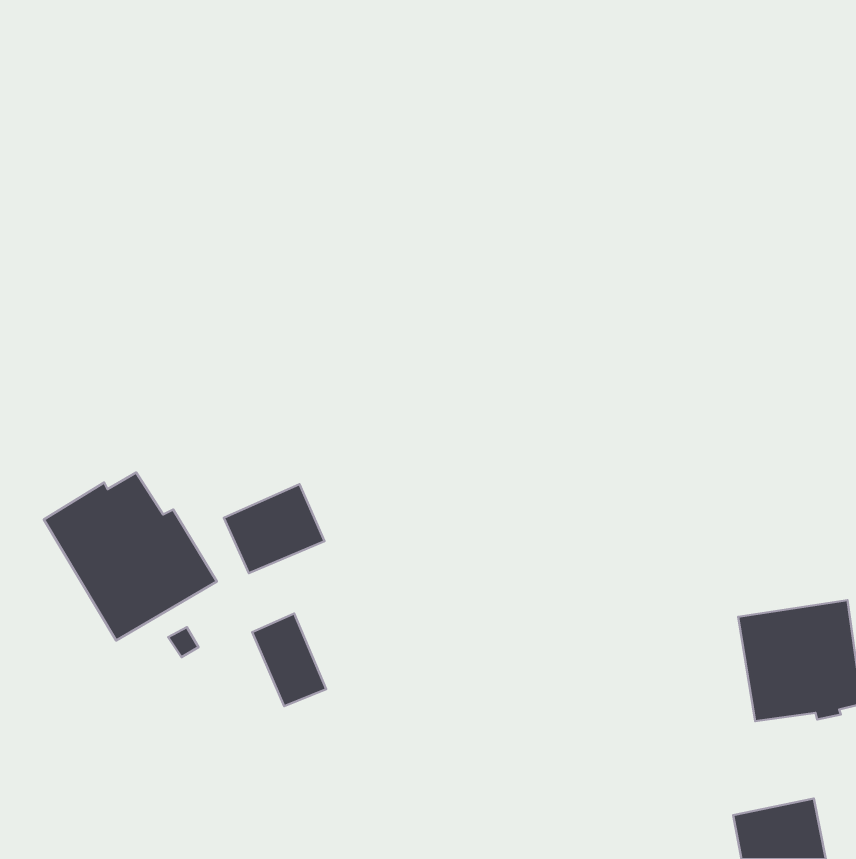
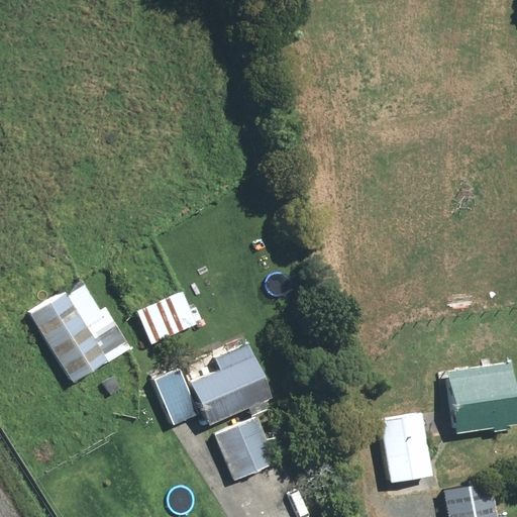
building: none -> [190,344,272,425]
building: none -> [379,413,432,483]
building: none -> [215,416,278,482]

